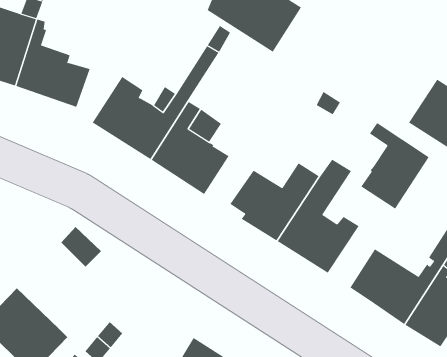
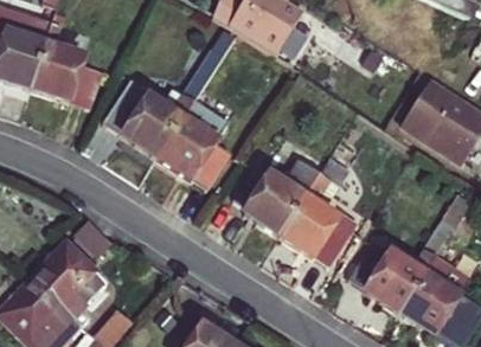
building: [361,122,430,210] -> none
building: none -> [32,243,105,317]

